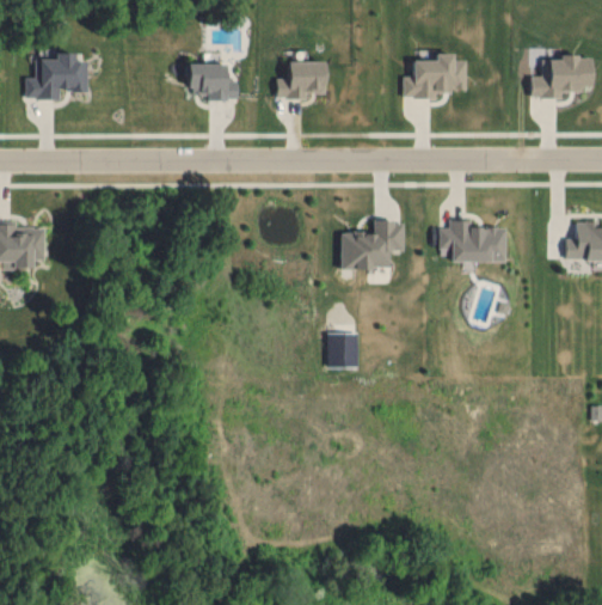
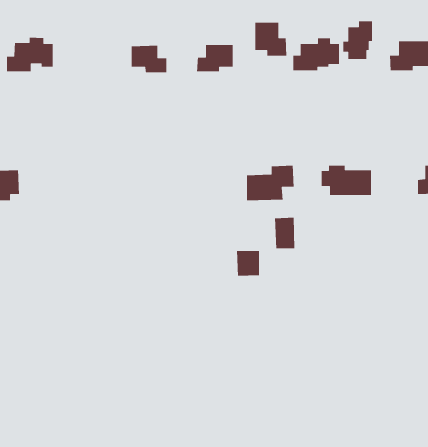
building: none -> [343,20,373,60]
building: none -> [255,22,287,56]
building: none -> [274,217,295,249]

